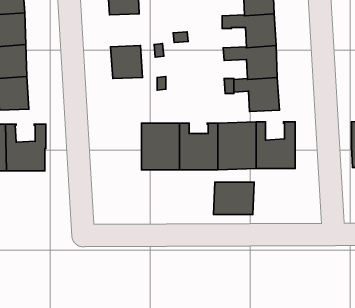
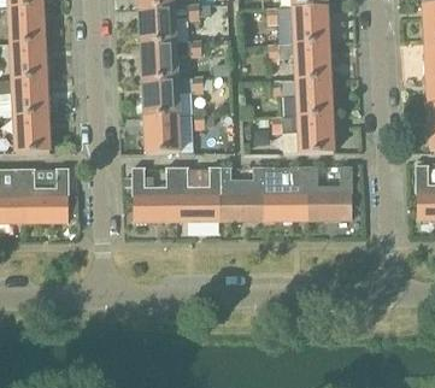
building: none -> [141,40,201,80]
building: none -> [145,114,180,153]
building: none -> [131,166,177,219]
building: [214,182,254,214] -> none

